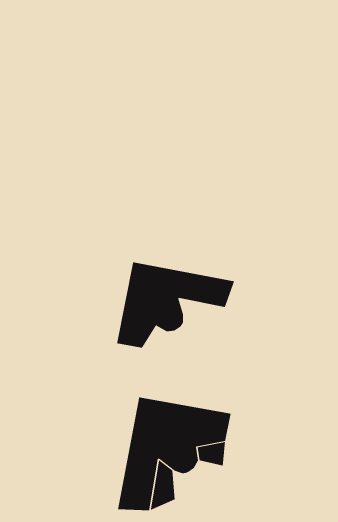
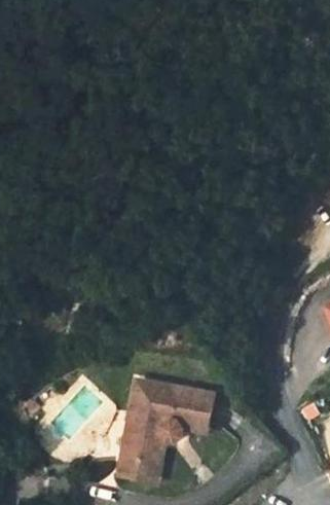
building: [117,262,235,348] -> none

